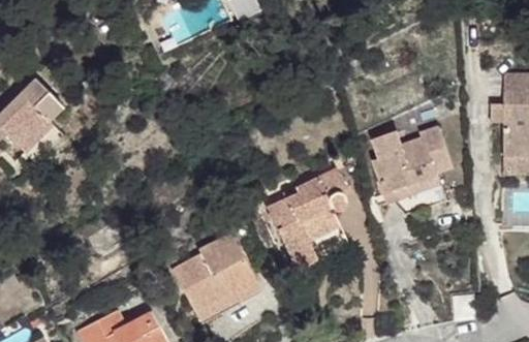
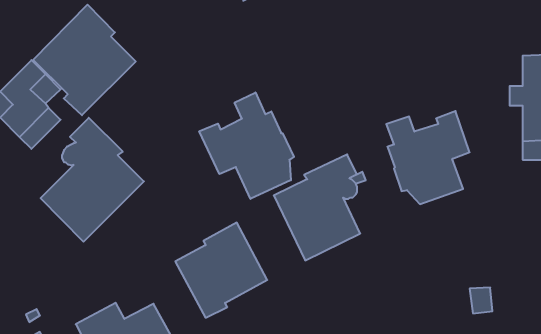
building: none -> [33,5,136,115]
building: none -> [199,92,294,199]
building: none -> [41,118,144,242]

